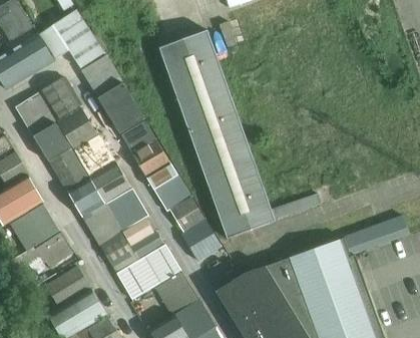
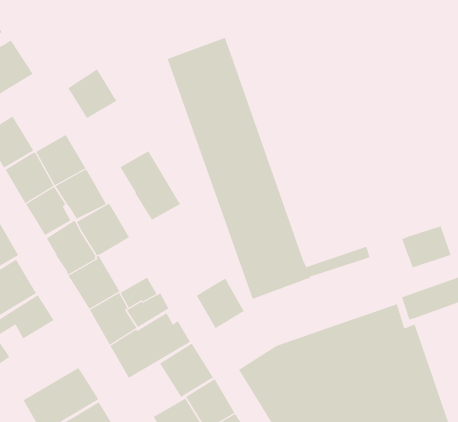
building: [40,11,103,68] -> none
building: [39,75,82,119] -> none
building: [99,82,144,131] -> none
building: [148,162,205,231] -> none
building: none -> [402,225,451,268]
building: [107,192,145,231] -> none
building: [45,265,89,305] -> none

